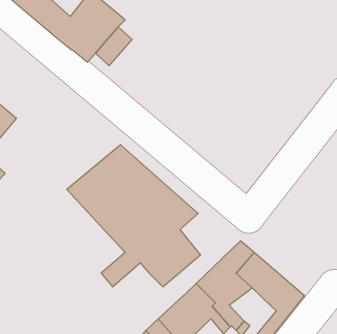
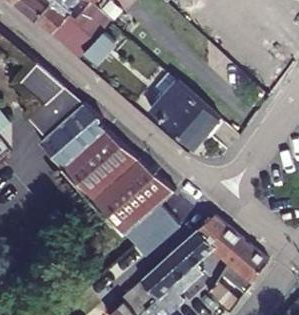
building: none -> [19,64,107,179]
building: none -> [149,82,220,151]

